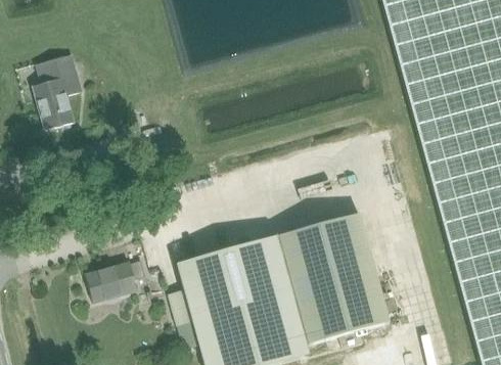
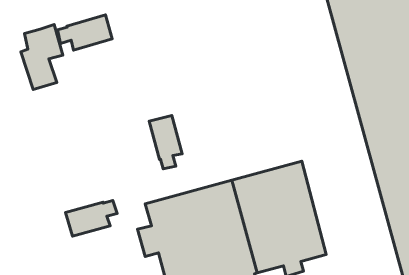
building: none -> [57,15,112,50]
building: none -> [149,115,182,169]

